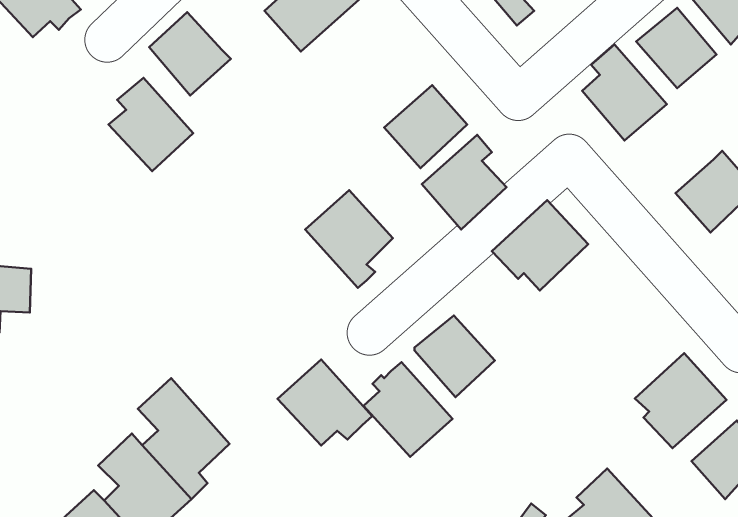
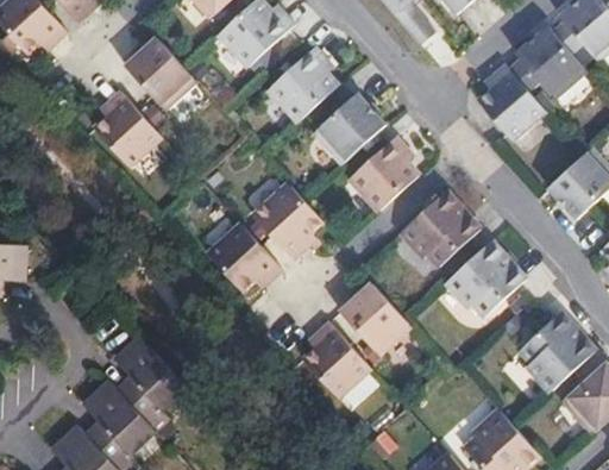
building: none -> [265,46,337,123]
building: none -> [447,239,527,314]
building: [277,359,372,445] -> [205,224,282,294]

